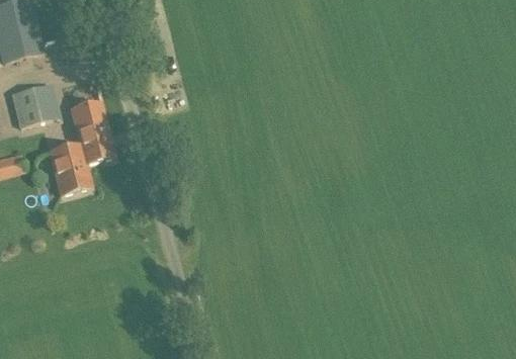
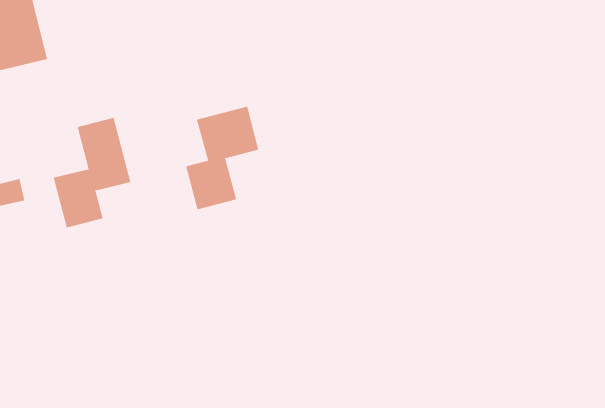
building: [10,83,59,126] -> none
building: none -> [186,106,259,210]

